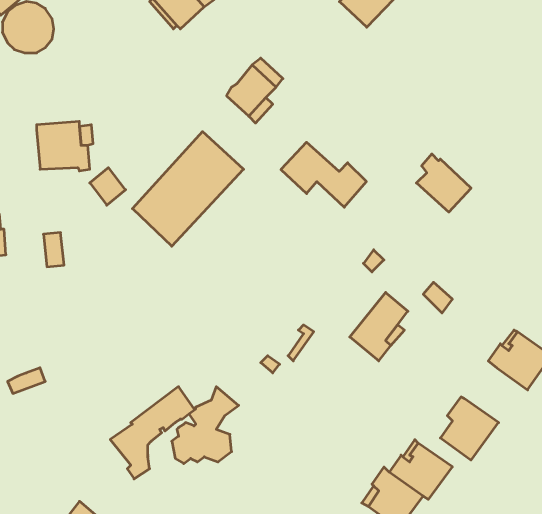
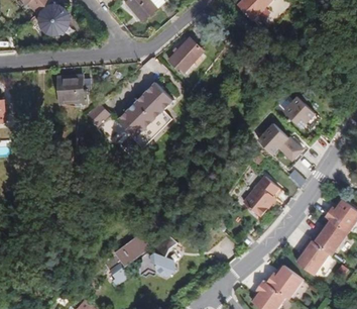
building: [281,142,366,207] -> [257,124,308,163]
building: none -> [310,220,347,254]

